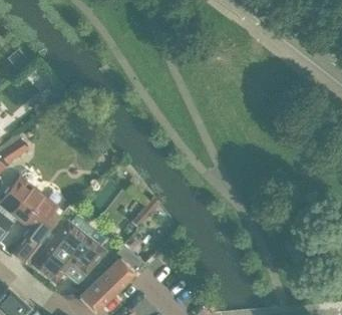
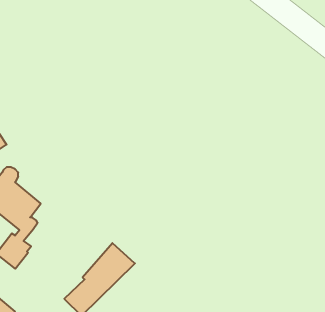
building: [32,222,104,283] -> none

